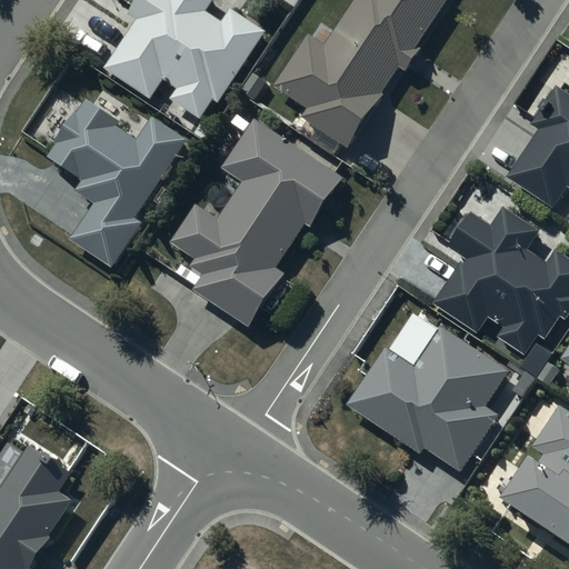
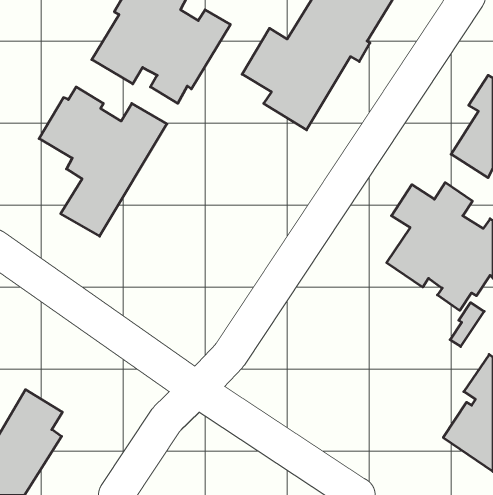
building: [170,118,343,327] -> none
building: [348,309,510,470] -> none

